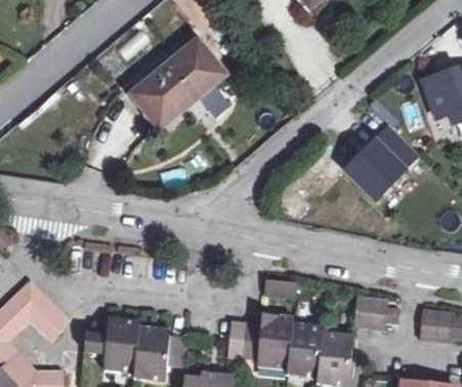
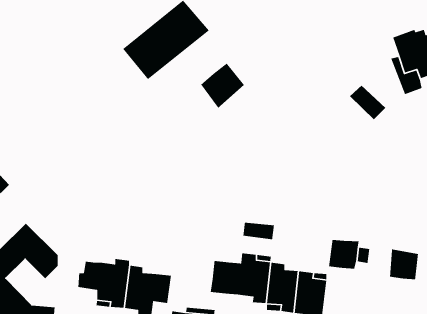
building: none -> [200,63,245,109]
building: [348,143,405,199] -> none

